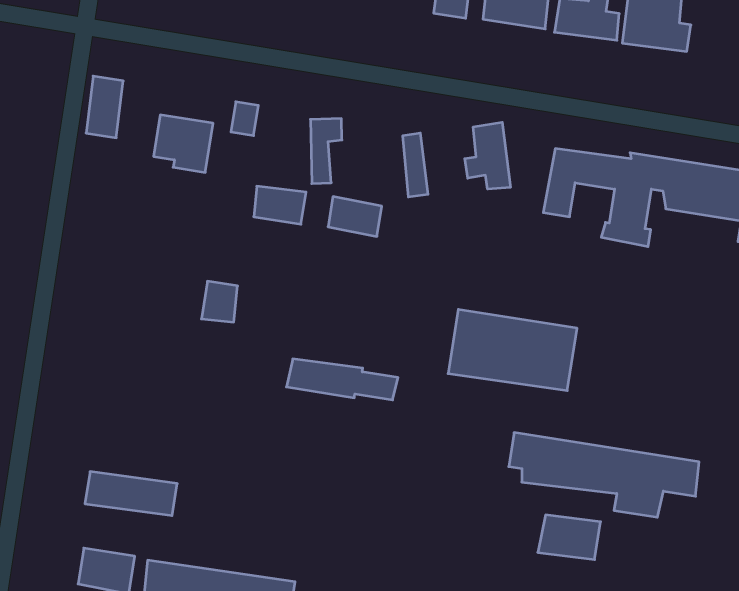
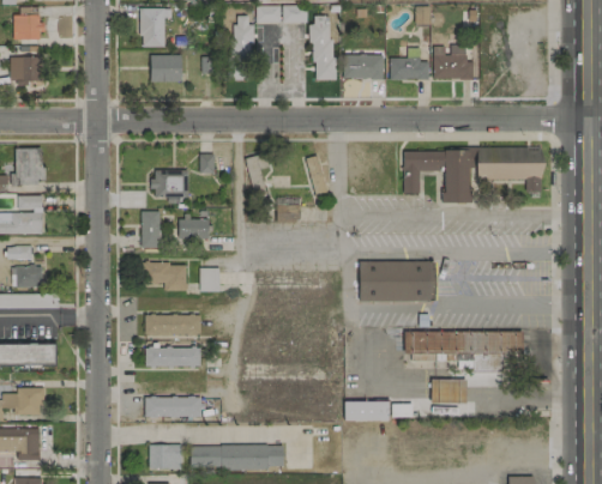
building: [86,76,123,138] -> [140,212,161,248]
building: [465,122,510,189] -> none
building: [254,186,306,224] -> [177,219,209,240]
building: none -> [144,264,187,291]
building: none -> [144,315,200,335]
building: [286,359,398,400] -> [344,401,413,421]
building: none -> [145,347,200,367]

